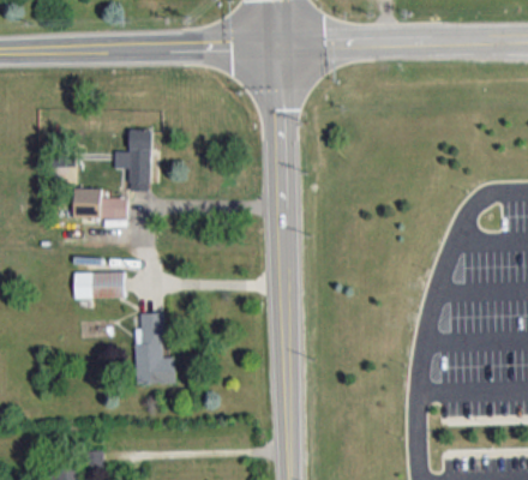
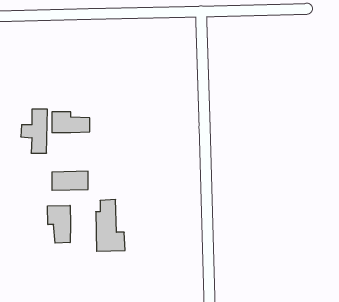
building: [113,130,150,191] -> [21,109,47,153]
building: none -> [48,205,71,243]

